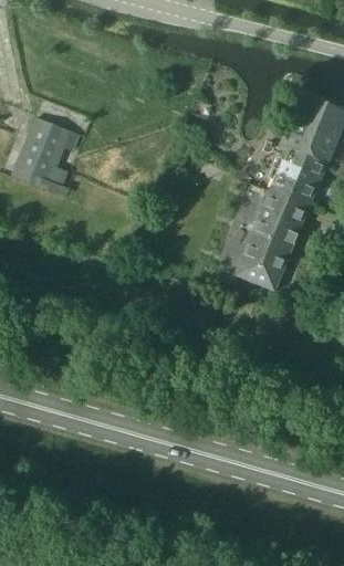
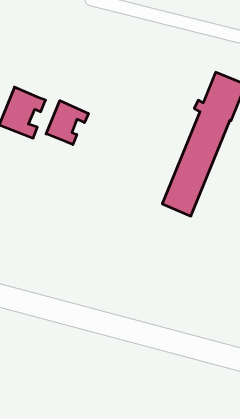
building: none -> [46,101,88,145]

